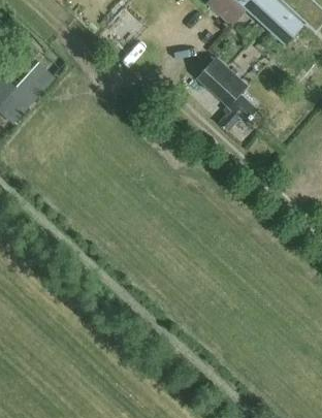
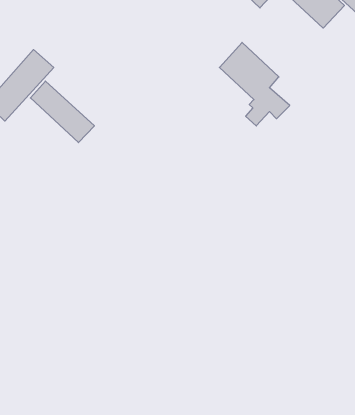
building: none -> [30,81,94,143]

